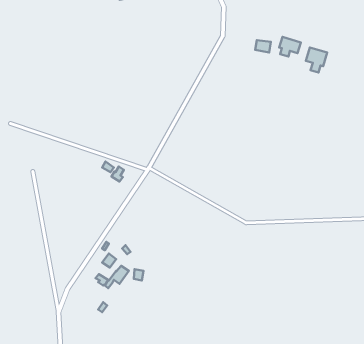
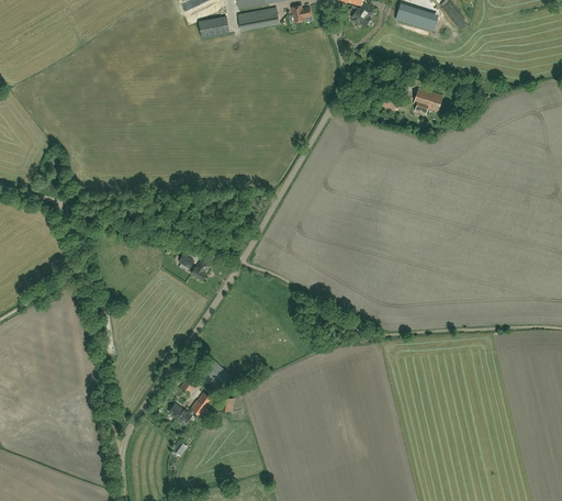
building: [306,47,327,73] -> none

